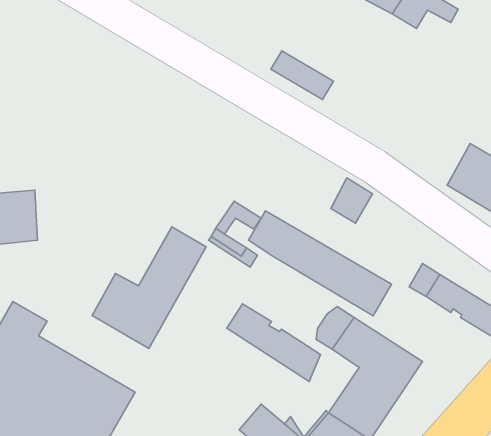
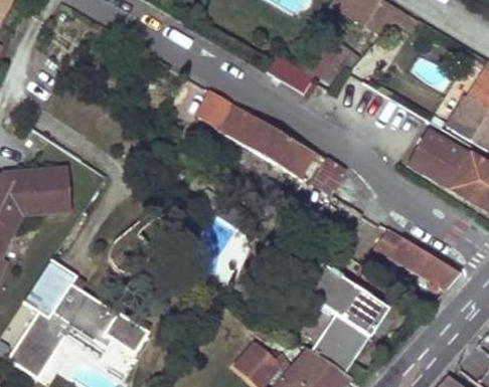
building: [248,211,392,316] -> [197,90,315,177]
building: [92,227,206,349] -> none
building: [227,304,320,381] -> none

